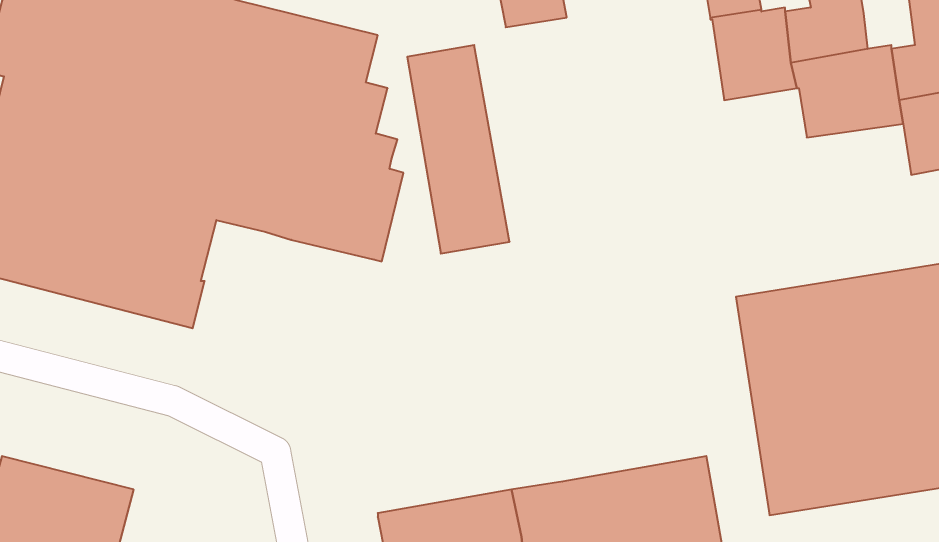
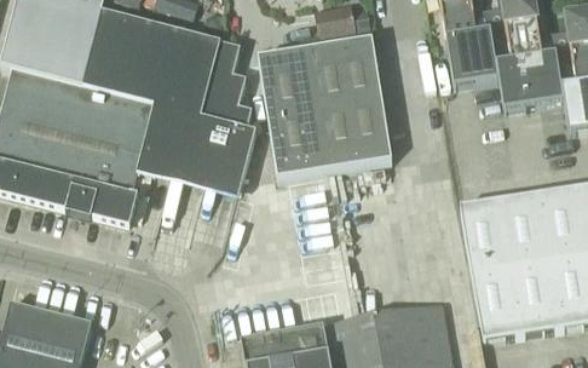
building: none -> [299,38,392,171]

